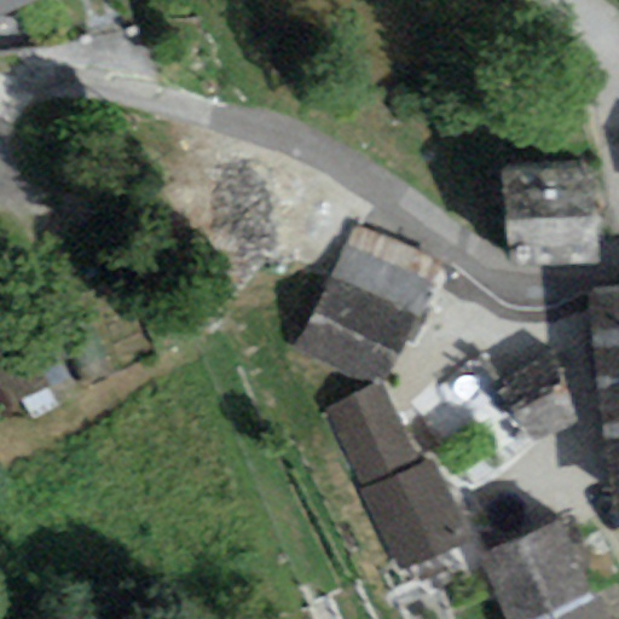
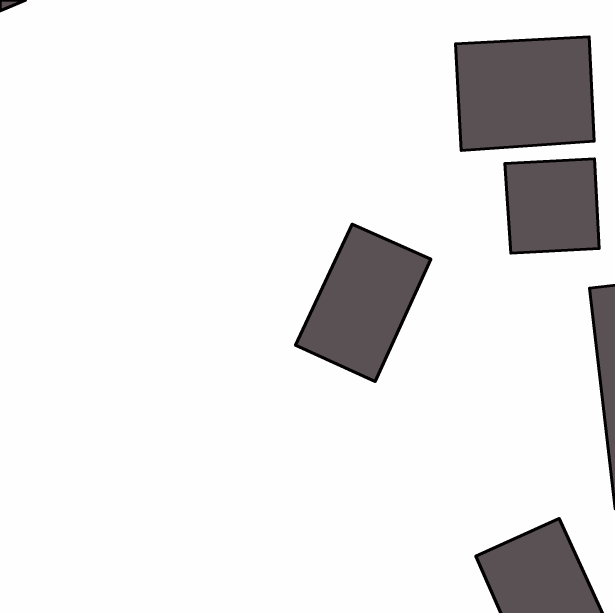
building: none -> [455,37,594,150]
building: [326,388,475,575] -> none

